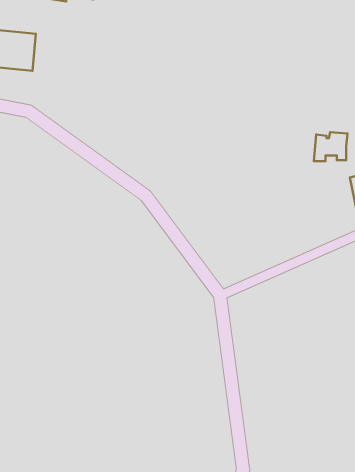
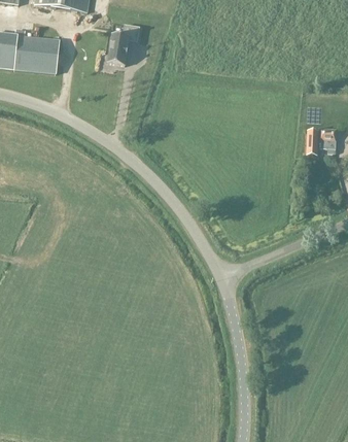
building: none -> [108,25,141,65]

